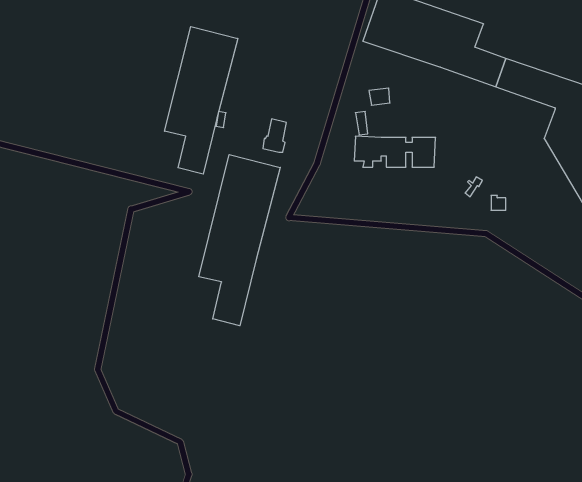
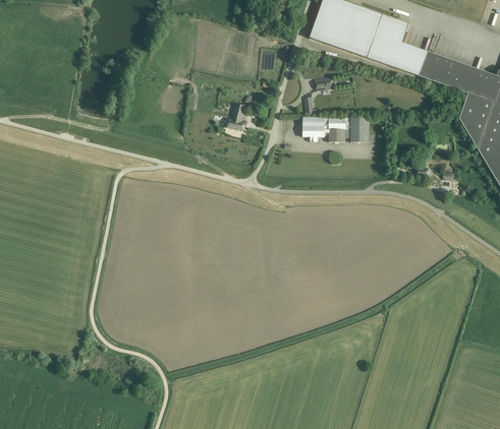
building: [165,27,238,174] -> none
building: [199,155,280,326] -> none

